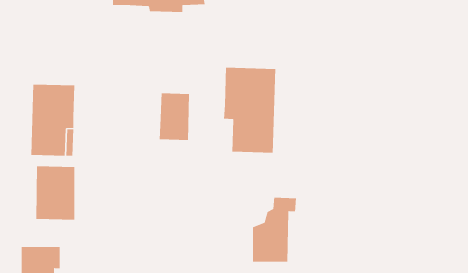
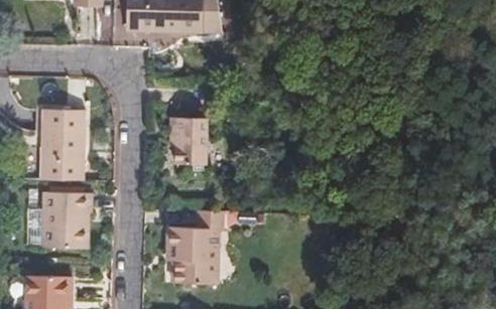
building: [224,67,276,154] -> none
building: [252,197,297,262] -> [176,212,223,280]

